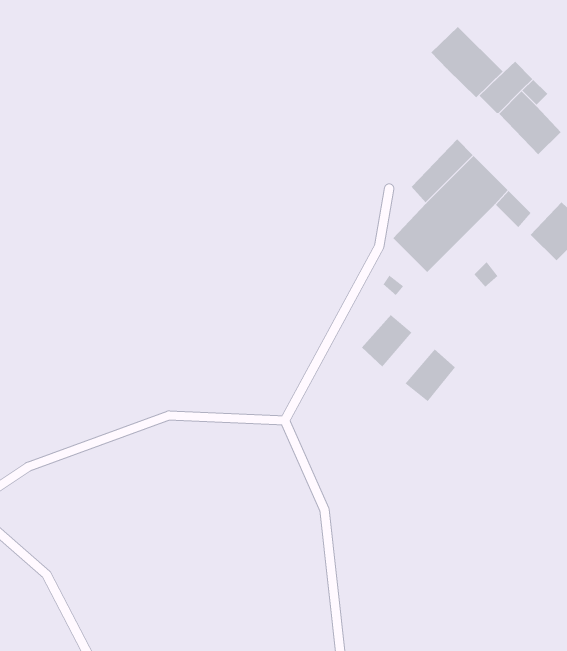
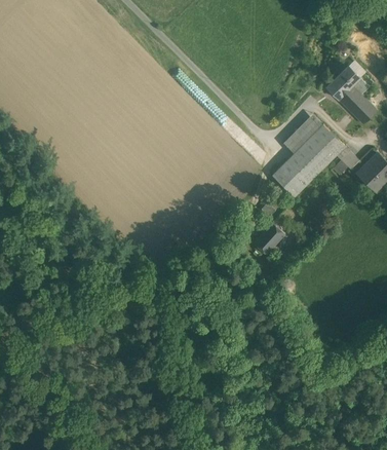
building: [431,26,503,98] -> none
building: [404,349,456,402] -> none

